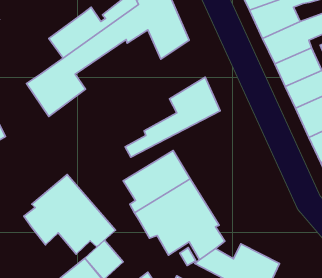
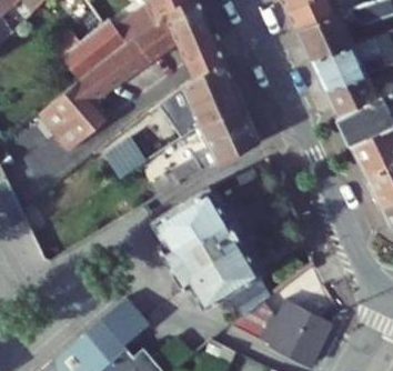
building: none -> [102,62,244,181]
building: [24,175,116,254] -> none

